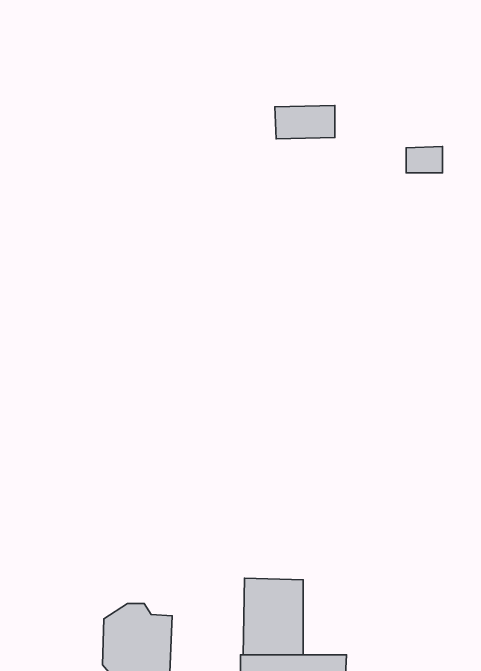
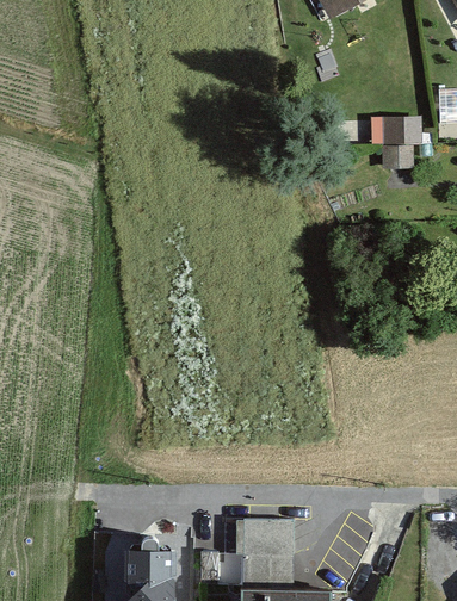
building: [275,105,335,139] -> [368,117,419,145]

